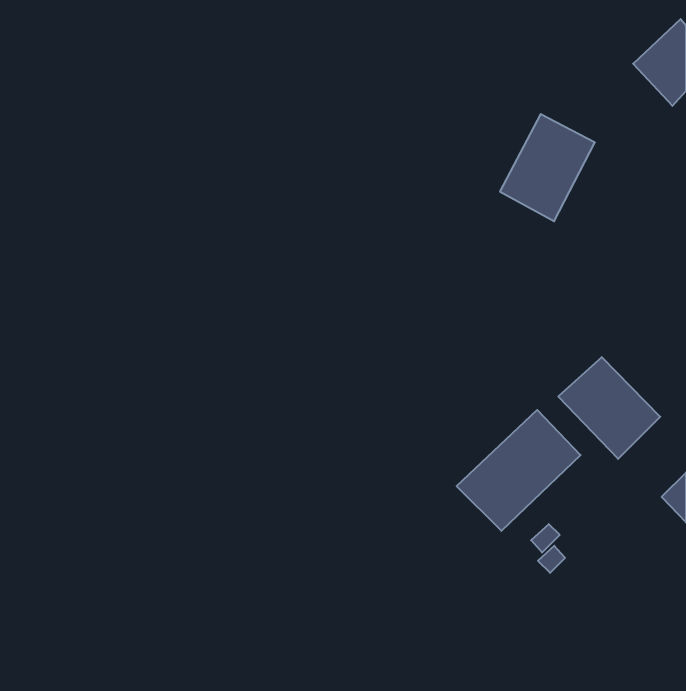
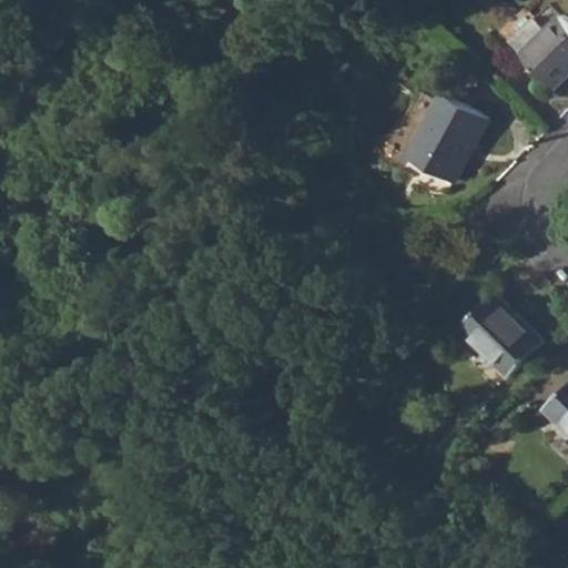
building: [457,410,581,531] -> none

